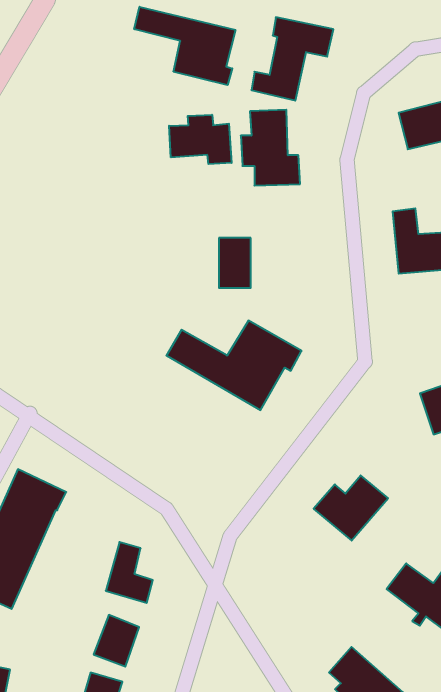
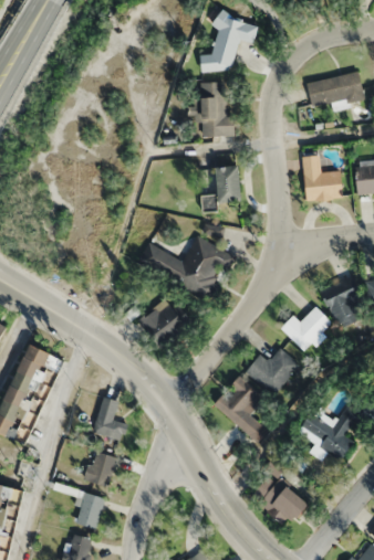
building: [134,7,235,85] -> none
building: [169,115,232,164] -> none
building: [219,238,251,288] -> [218,166,241,202]
building: none -> [137,296,191,348]
building: none -> [280,306,331,351]
building: none -> [215,377,268,443]

